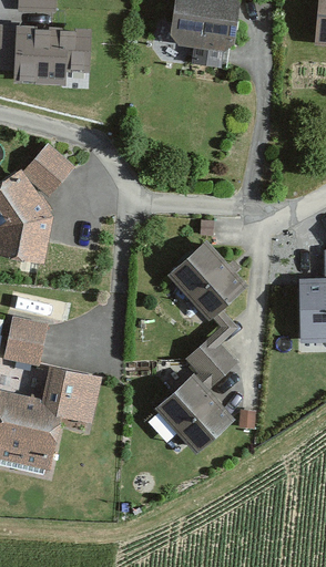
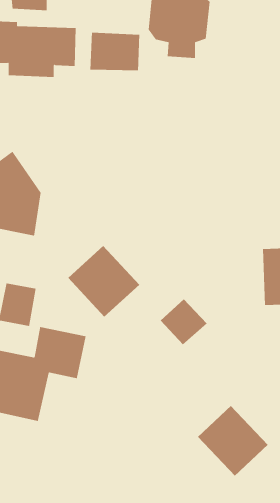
building: none -> [90,32,140,71]
building: [21,142,73,195] -> none
building: [166,238,247,319] -> [68,245,140,318]
building: [154,374,234,454] -> [197,405,269,477]

